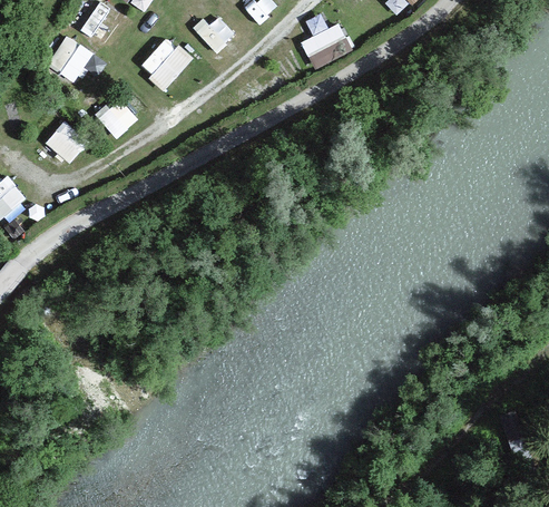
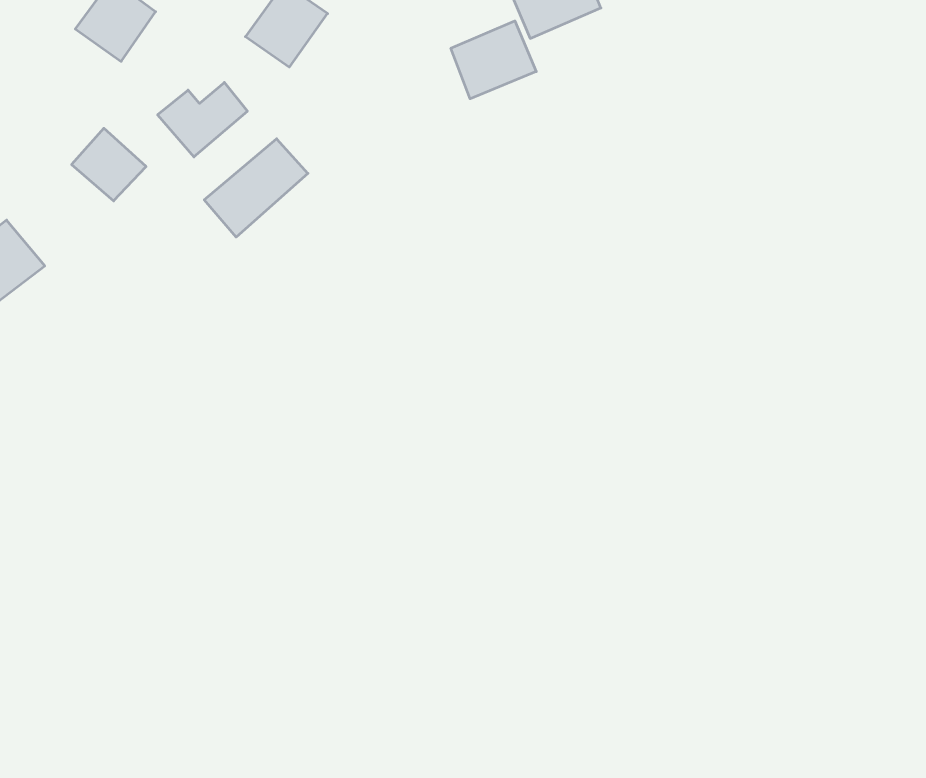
building: none -> [451,21,536,99]
building: none -> [204,139,308,237]

